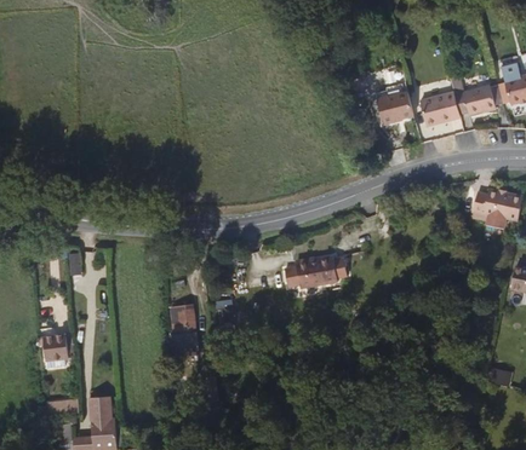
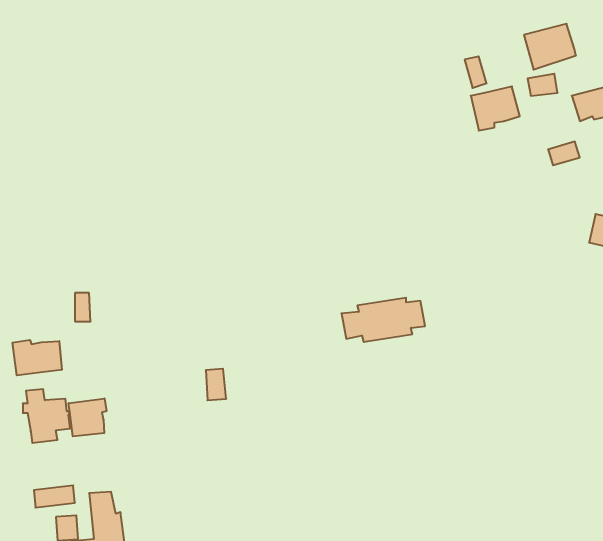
building: [425,98,465,133] -> [524,24,576,70]
building: none -> [13,340,62,375]
building: none -> [69,398,106,436]

